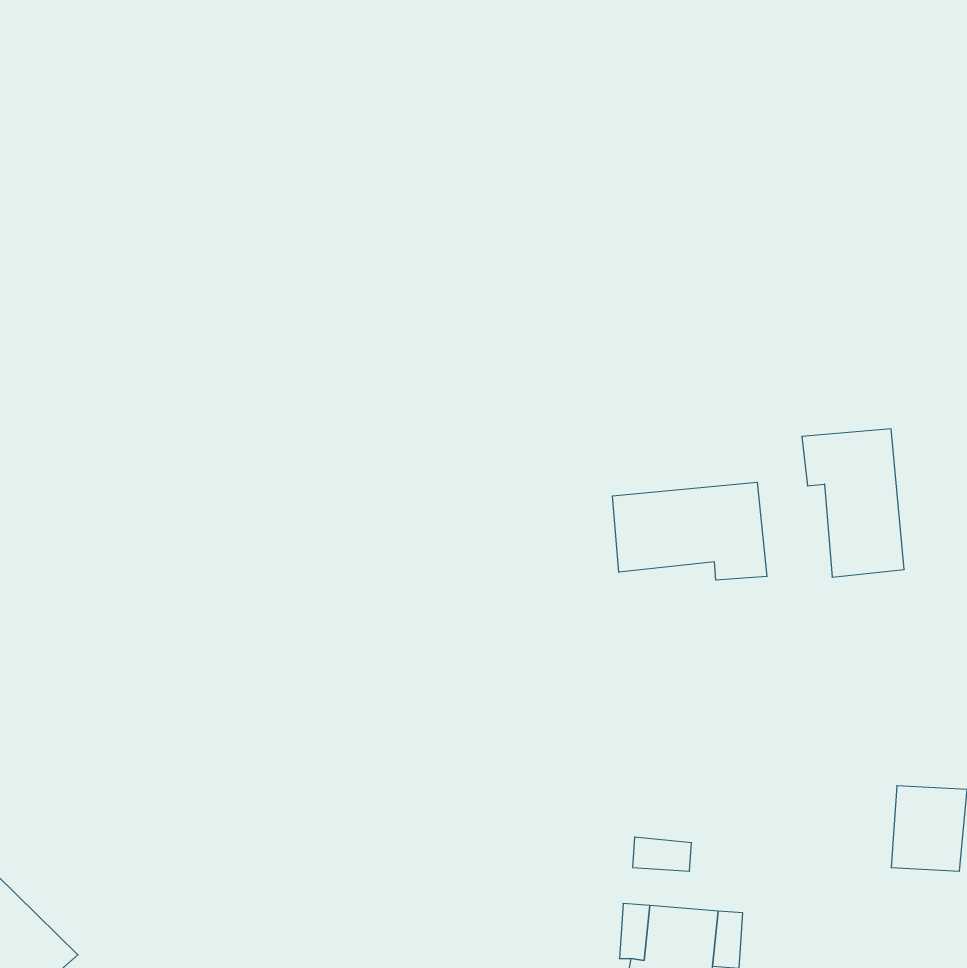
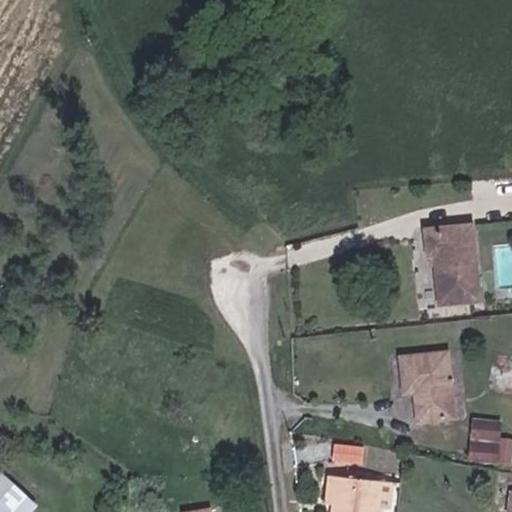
building: [612,482,767,580] -> none
building: none -> [399,355,451,423]

